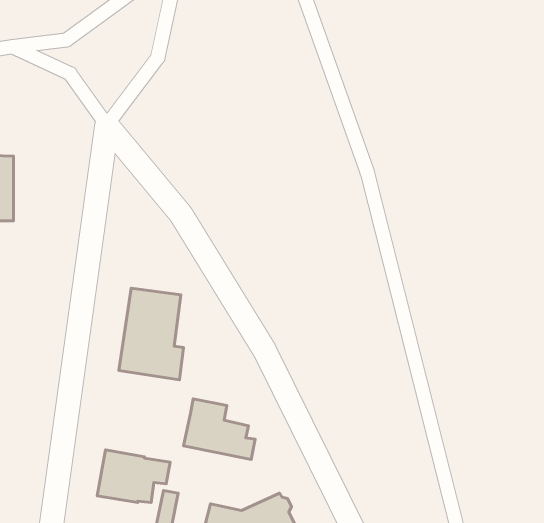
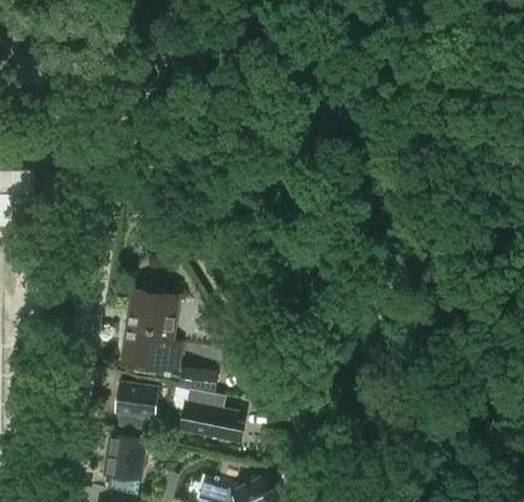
building: none -> [177,367,217,392]
building: none -> [114,382,159,431]

